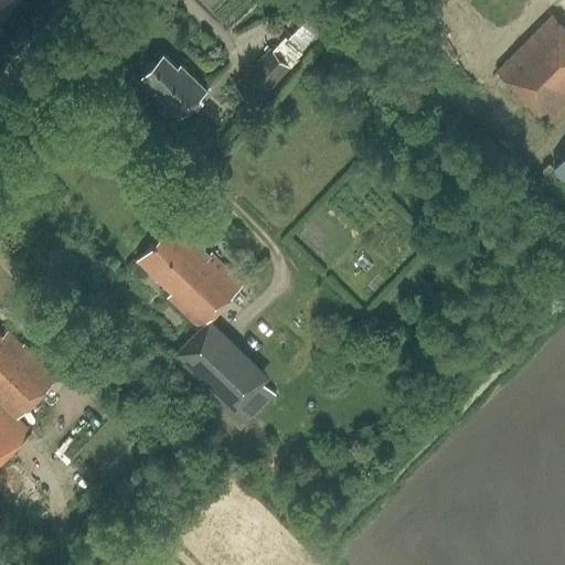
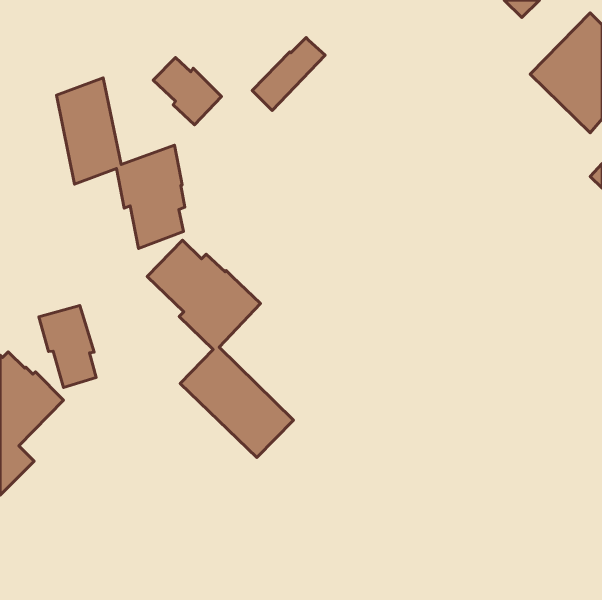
building: none -> [57,78,185,248]
building: none -> [39,305,96,387]

